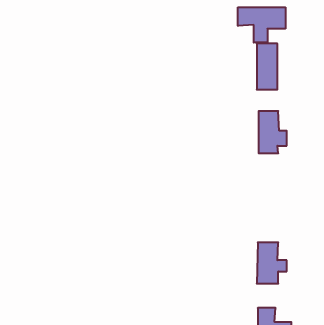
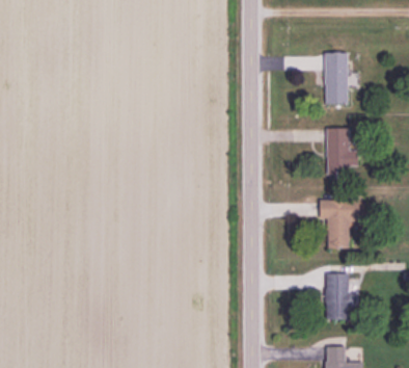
building: [238,7,285,43] -> none
building: none -> [320,199,360,248]

